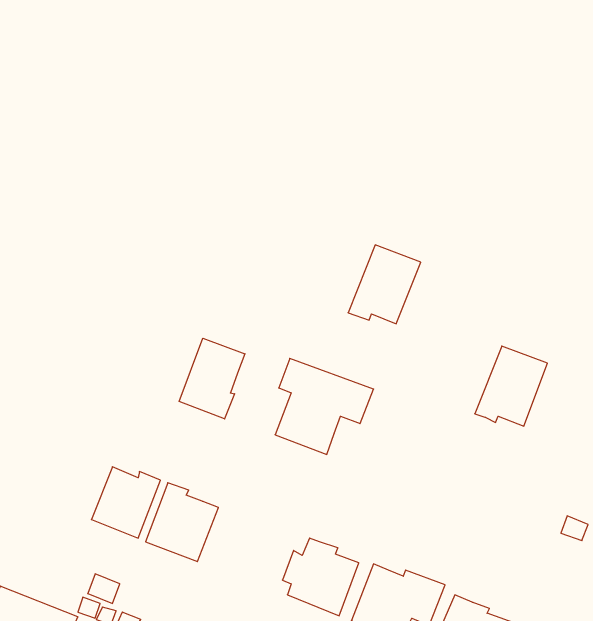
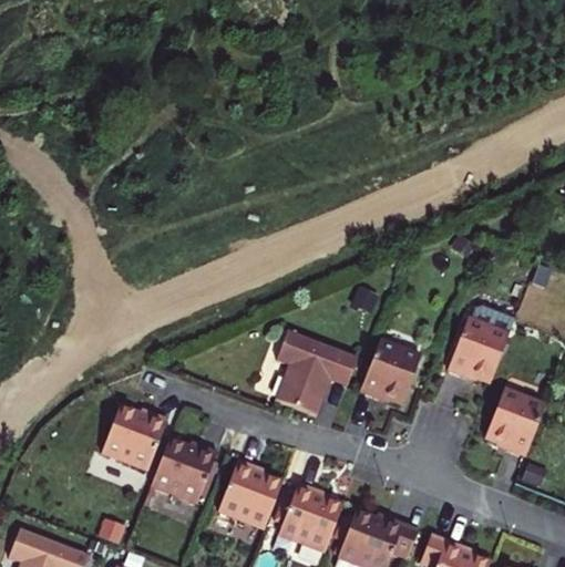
building: [348,245,421,324] -> [357,339,422,410]
building: [179,338,245,419] -> none
building: none -> [485,391,545,460]
building: none -> [217,461,282,532]

